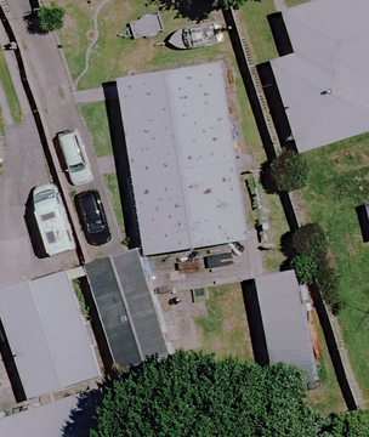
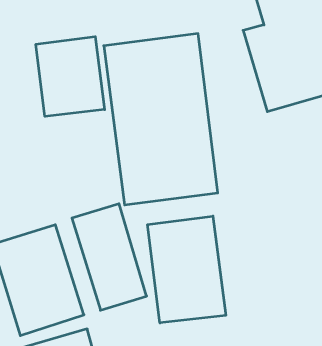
building: none -> [36,37,105,116]
building: none -> [148,216,226,323]

